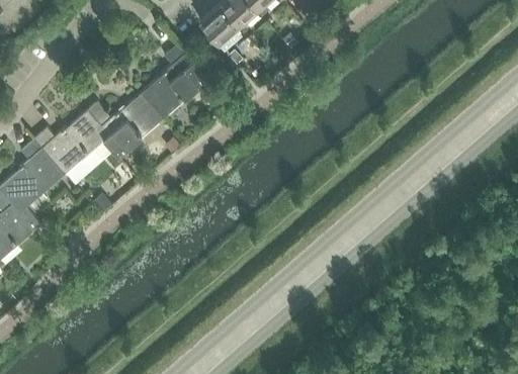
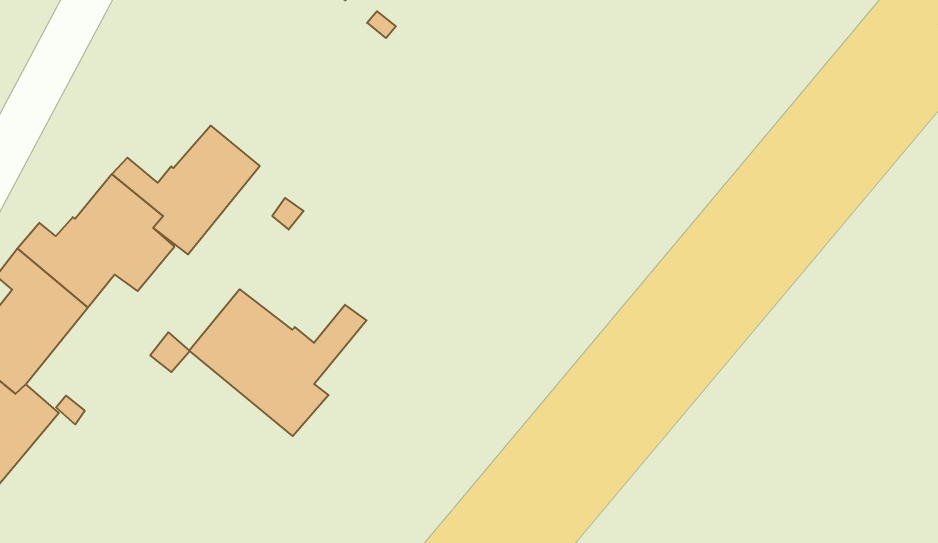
building: [141,44,207,118] -> none
building: none -> [189,289,367,436]

